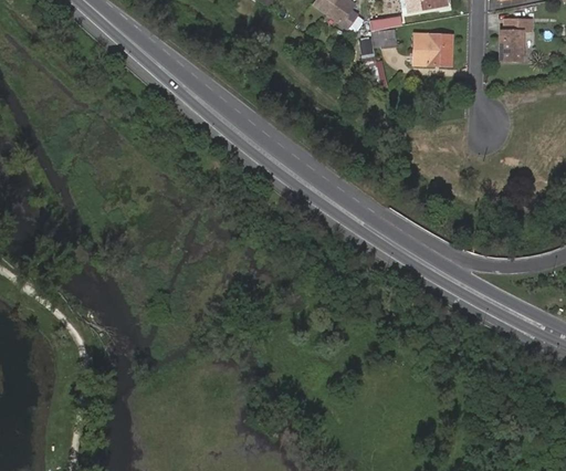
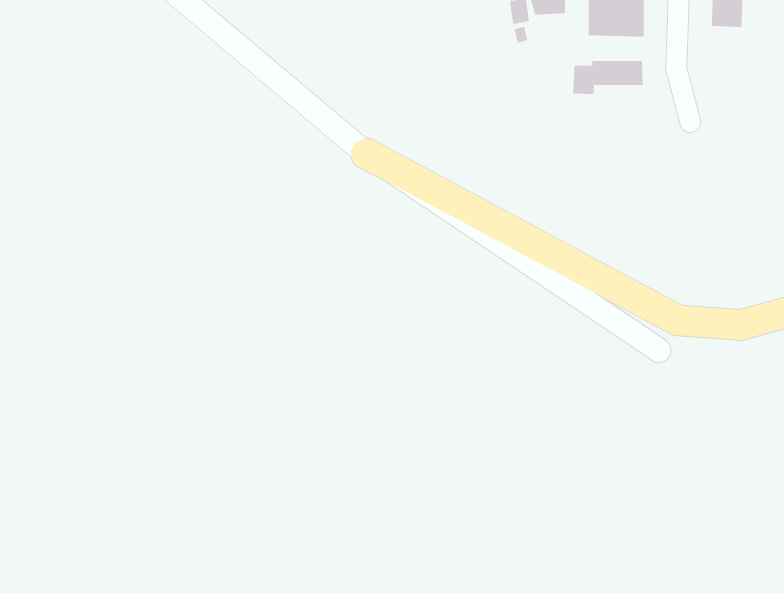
building: none -> [572,60,643,95]

